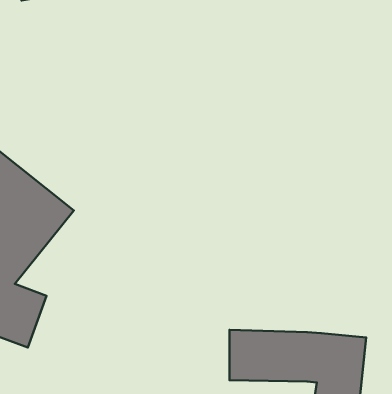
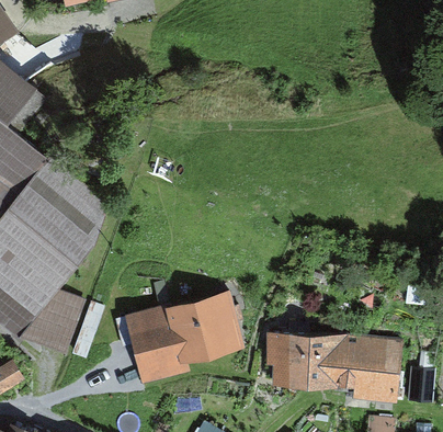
building: none -> [126,294,240,371]

